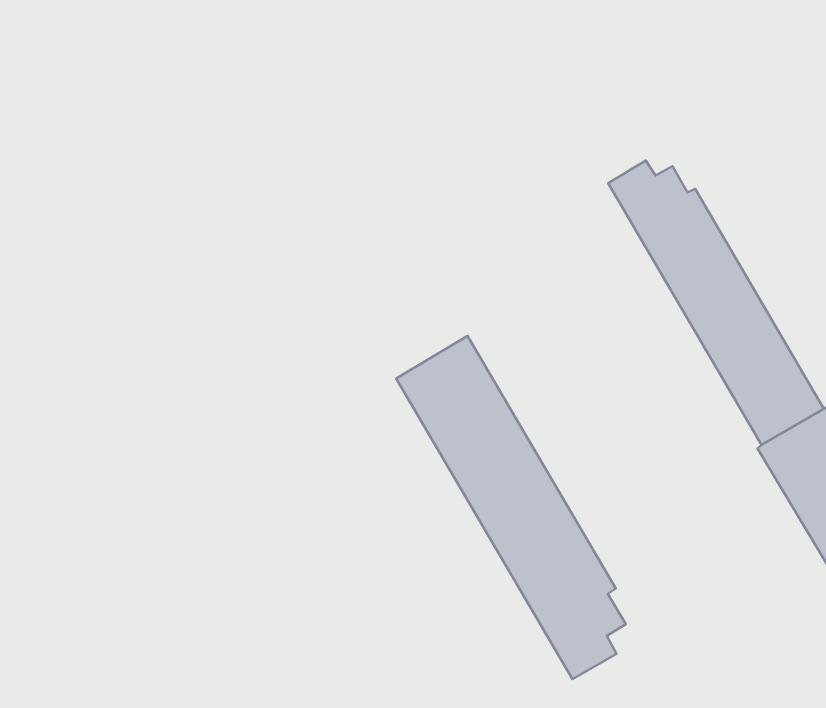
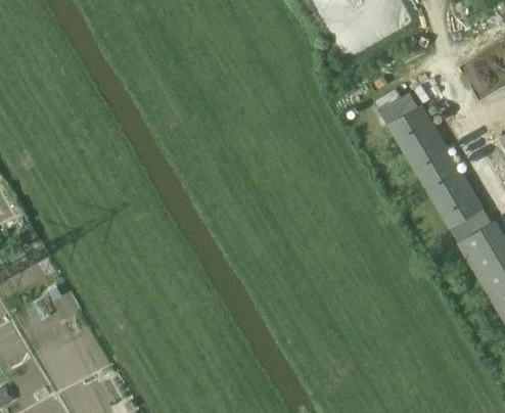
building: [396,336,626,679] -> none

